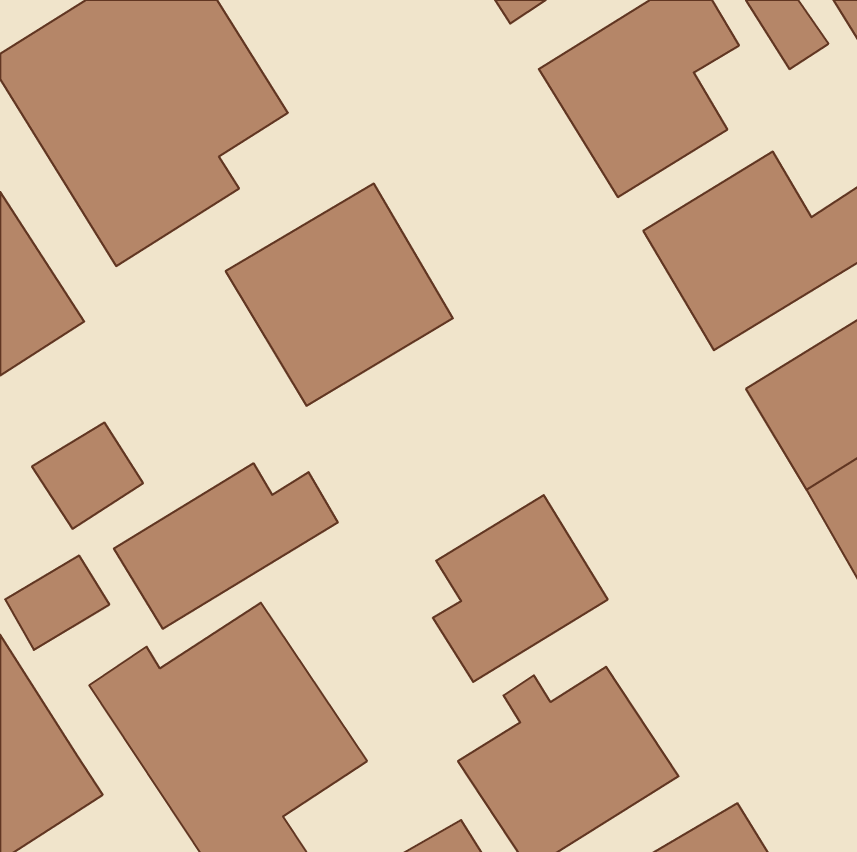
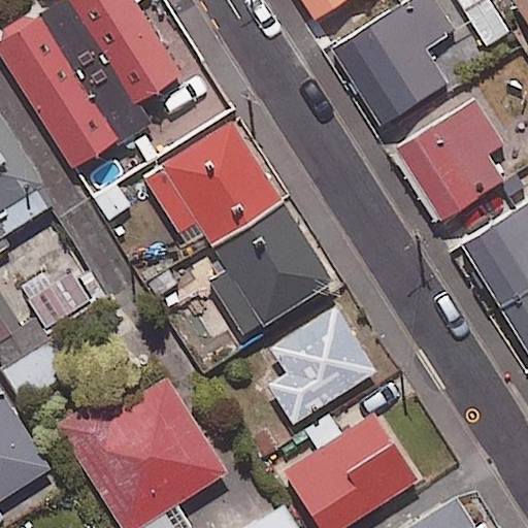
building: none -> [212,206,331,337]
building: [114,463,338,629] -> none

